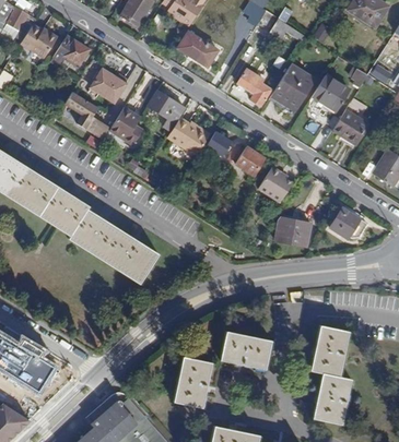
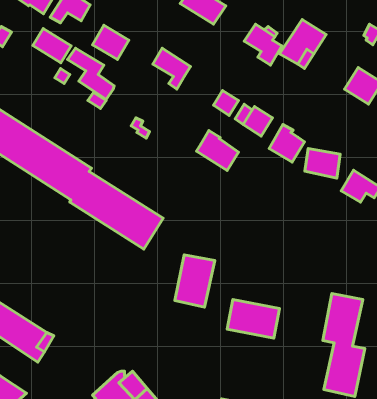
building: none -> [33,28,71,63]
building: [312,73,351,111] -> none
building: [110,105,142,144] -> none
building: [167,117,208,155] -> [196,131,239,171]
building: [275,217,309,246] -> [305,148,340,178]
building: [174,356,212,406] -> [175,255,215,307]

